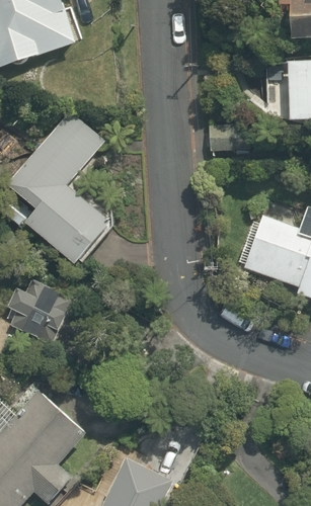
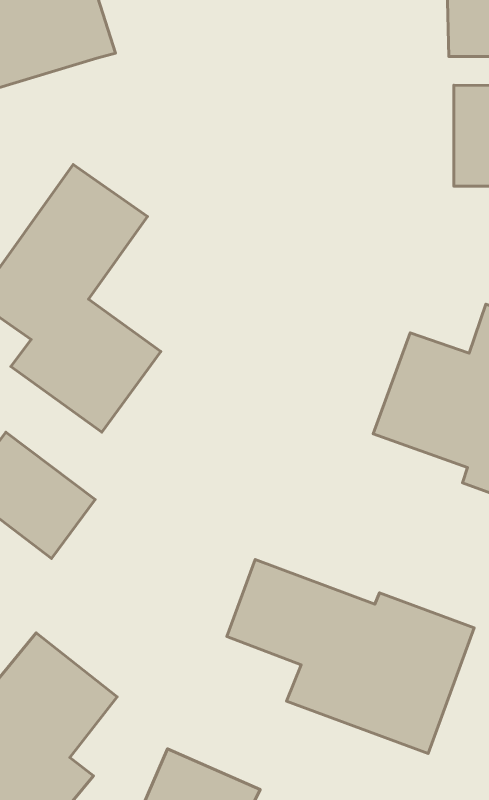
building: none -> [227,560,474,753]

